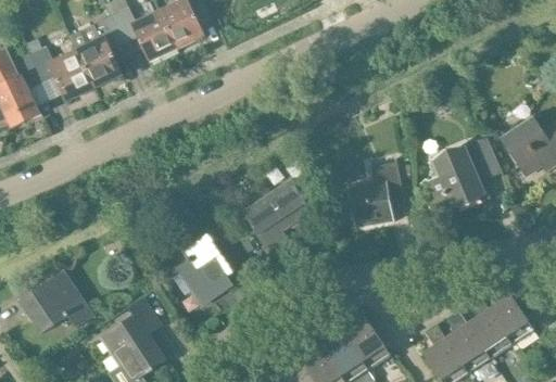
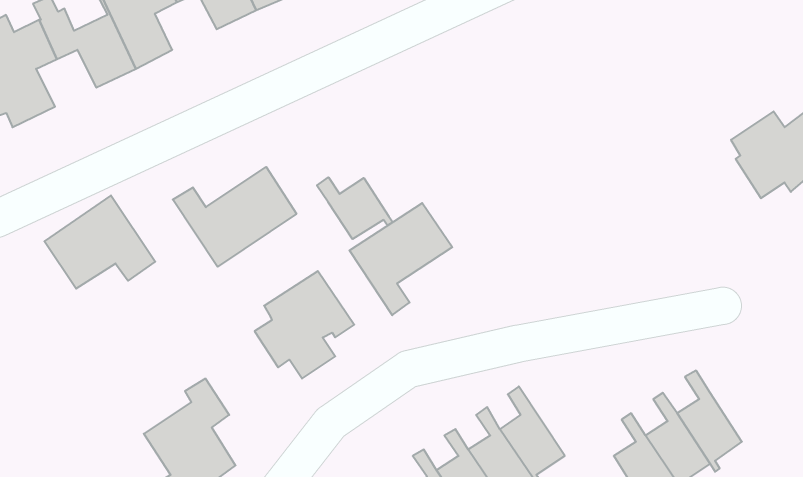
building: [420,138,501,211] -> none
building: none -> [173,167,296,267]
building: none -> [317,177,393,239]
building: [348,162,403,224] -> none
building: [17,269,93,333] -> [44,195,155,289]
building: [489,280,533,348] -> none

